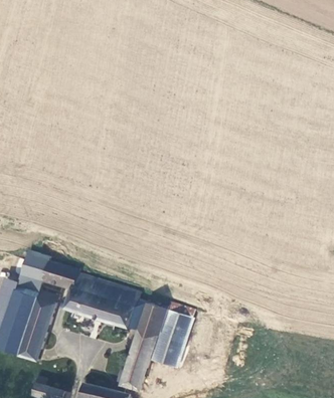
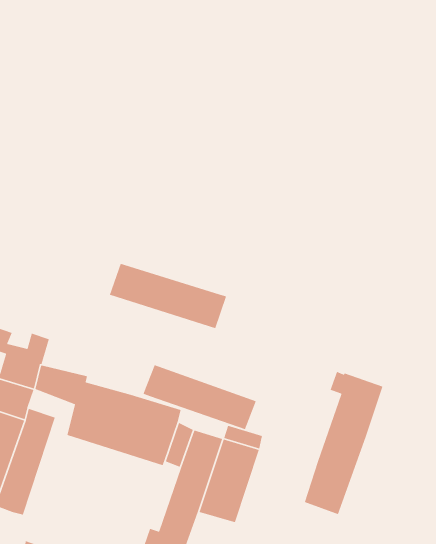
building: none -> [109,263,227,329]
building: none -> [143,364,257,430]
building: none -> [304,371,383,515]

